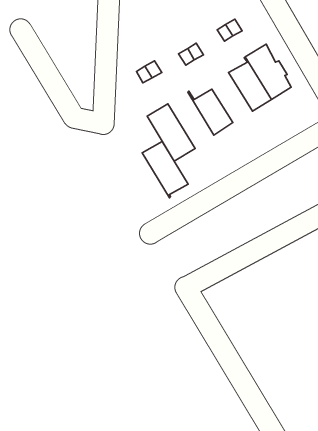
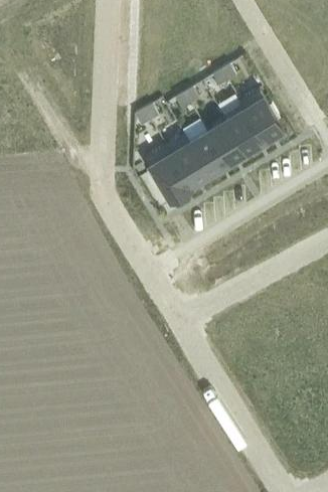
building: none -> [207,119,247,167]
building: [142,141,188,198] -> [165,138,209,192]

